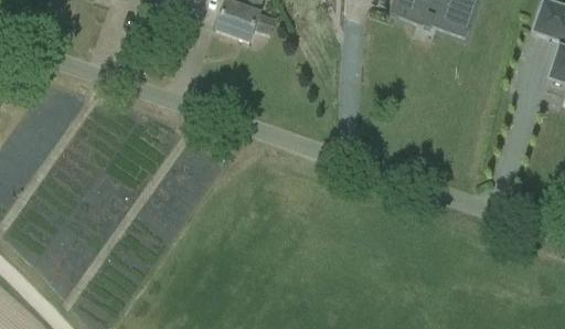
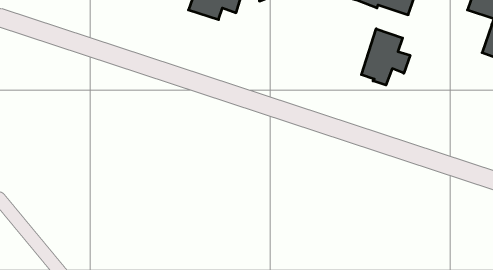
building: none -> [361,29,410,85]

